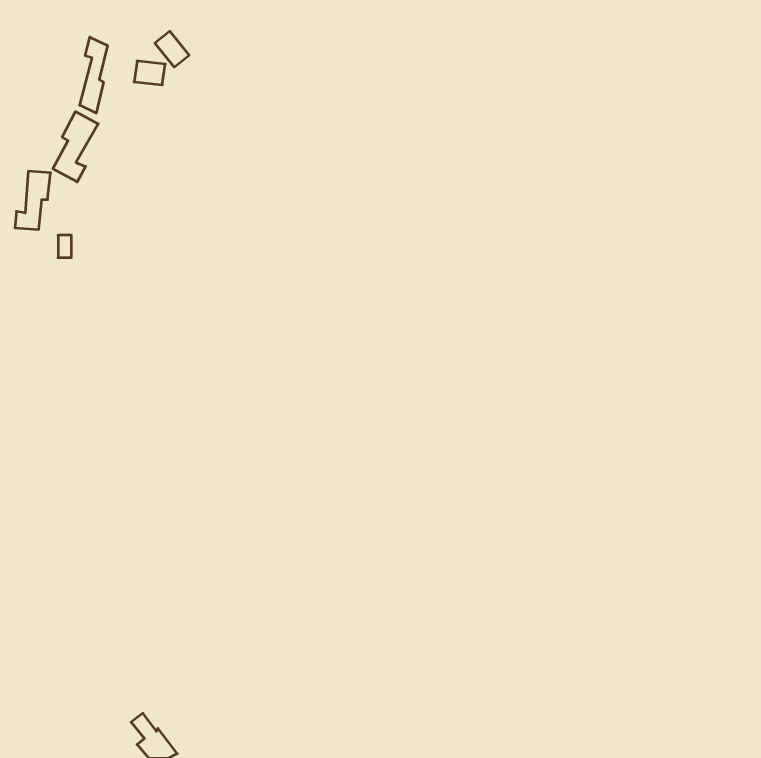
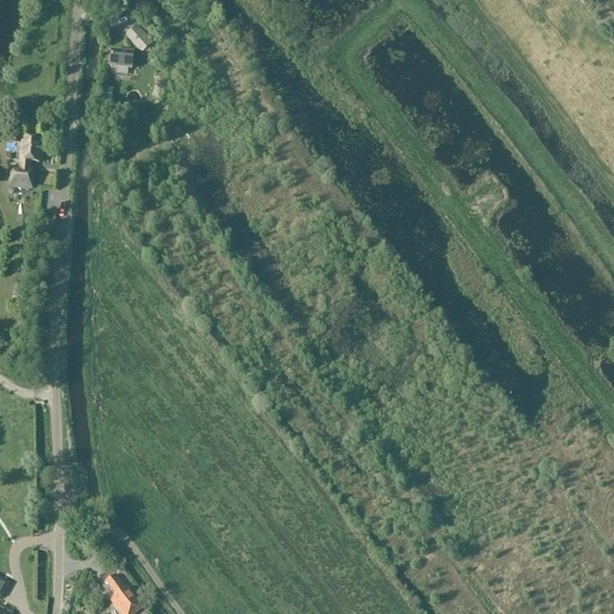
building: [80,37,107,113] -> none
building: [53,112,98,182] -> none

